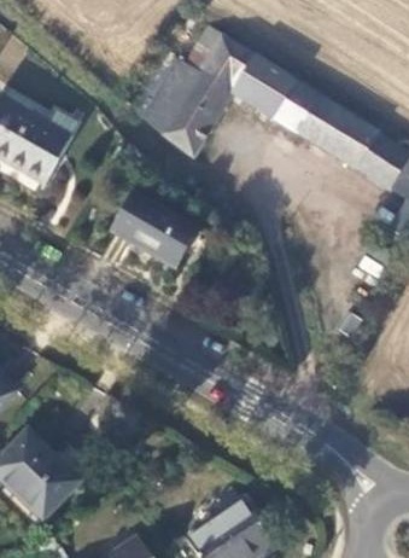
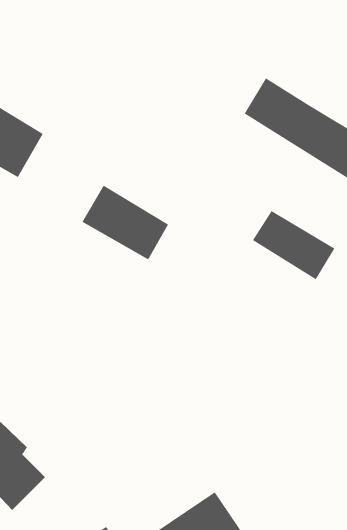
building: [142,27,294,157] -> none
building: none -> [252,210,335,280]

